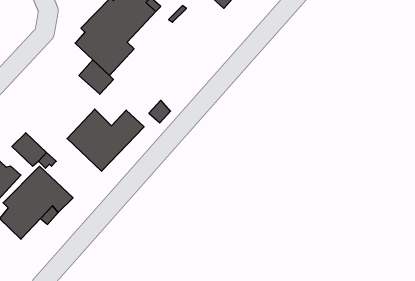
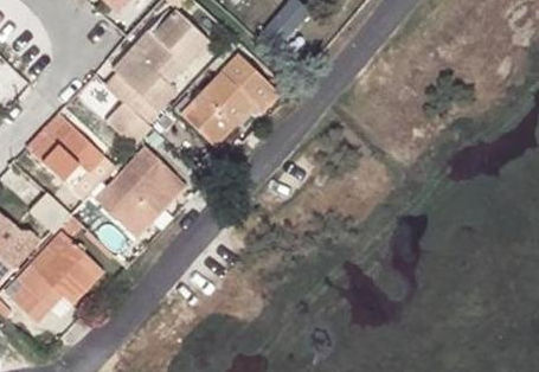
building: none -> [174,52,278,145]
building: none -> [31,117,104,188]

